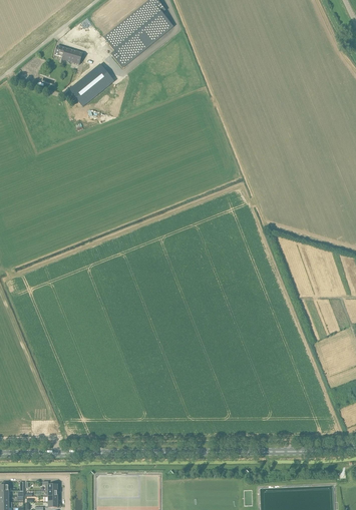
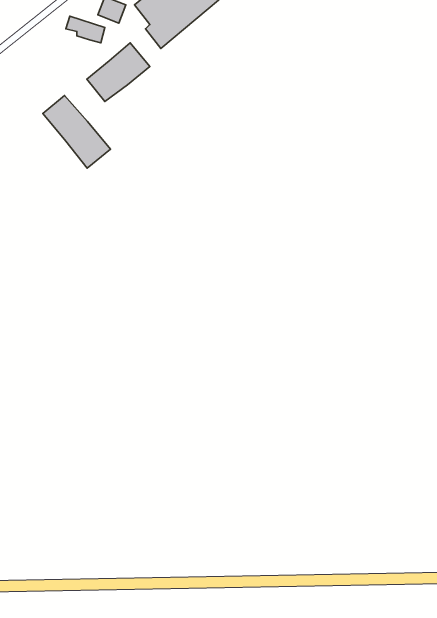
building: none -> [43,96,110,168]

